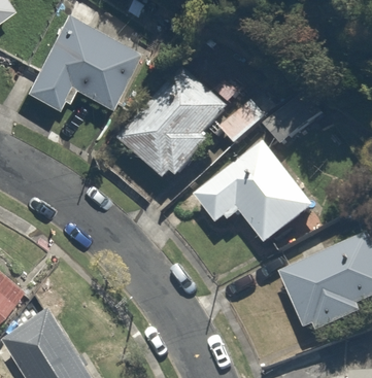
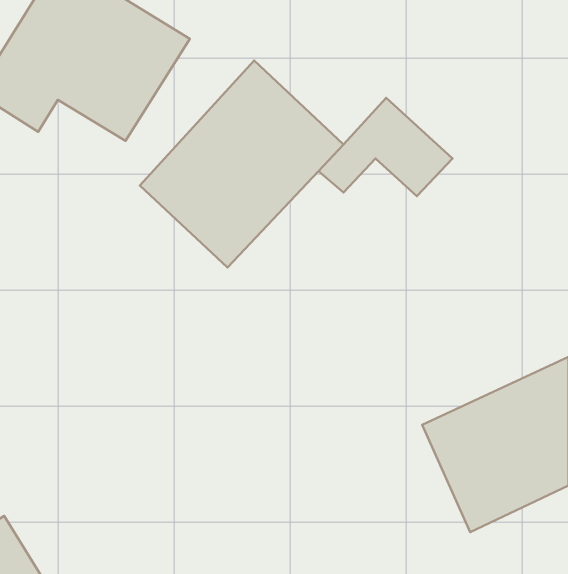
building: [195,143,315,244] -> none

